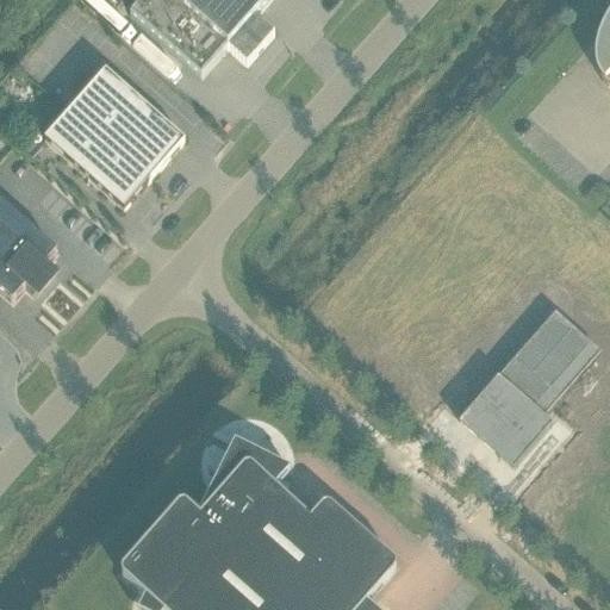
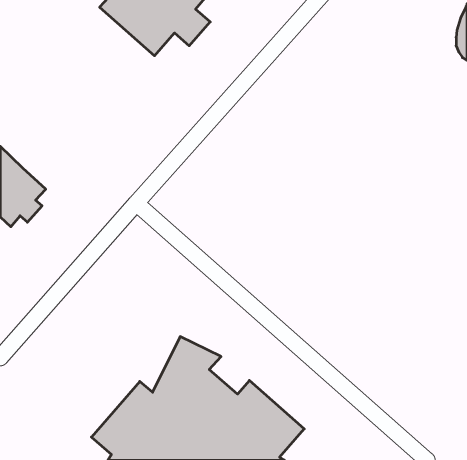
building: [45,66,185,205] -> none
building: [460,312,587,462] -> none

